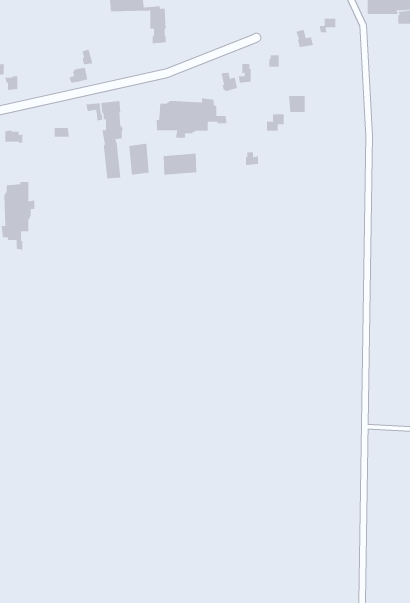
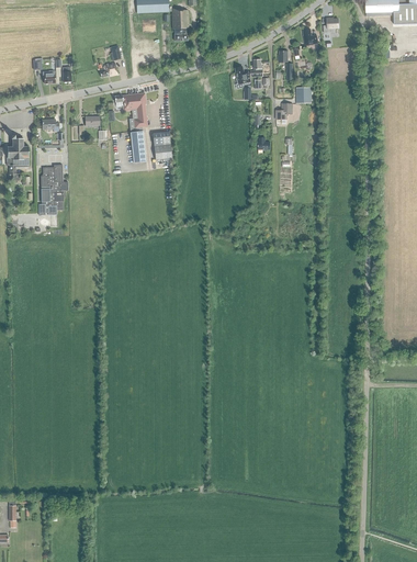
building: [156,97,227,138] -> none
building: [163,153,197,175] -> none

